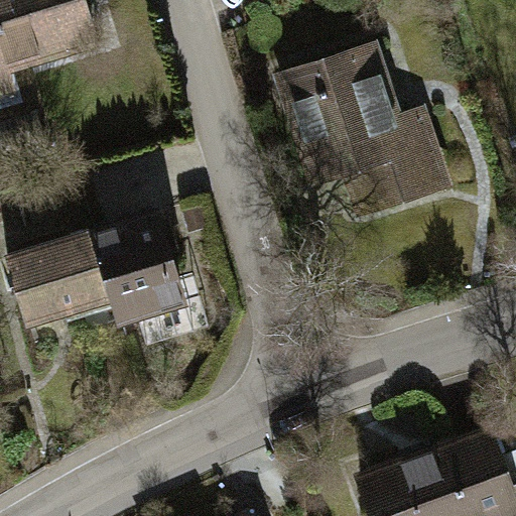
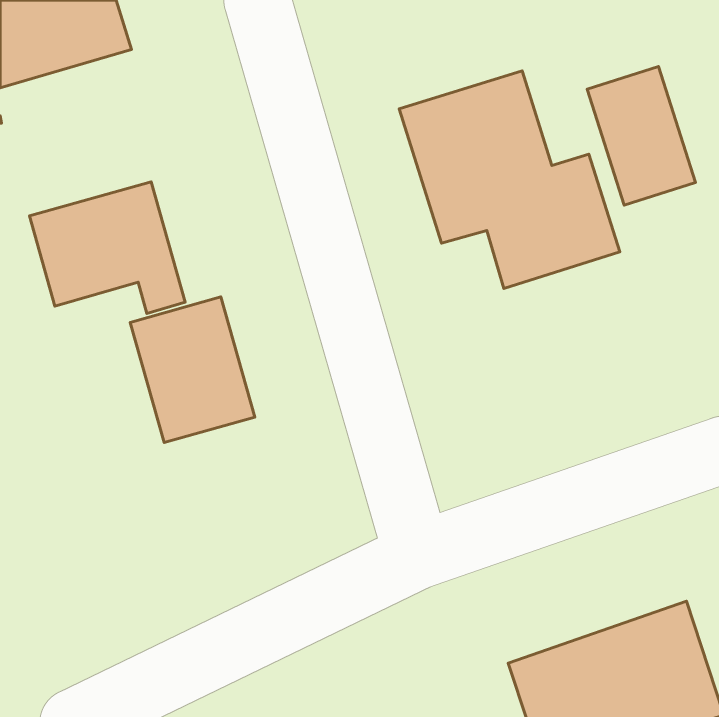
building: none -> [587,66,695,205]
building: [9,234,120,328] -> [29,182,185,313]

